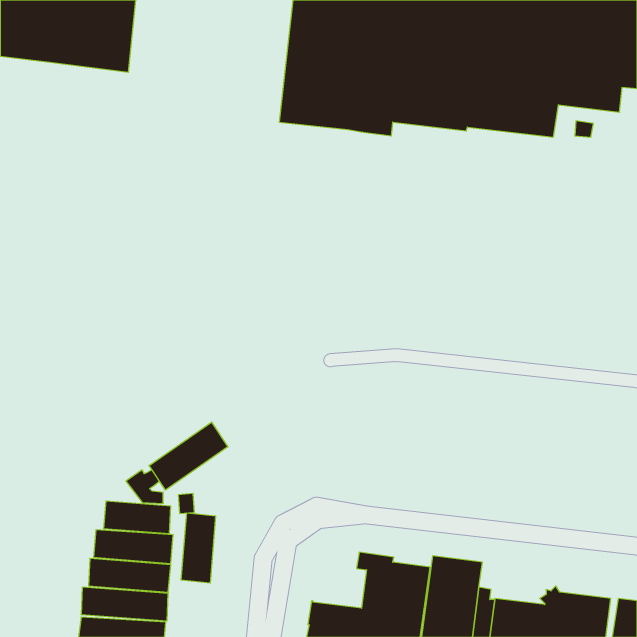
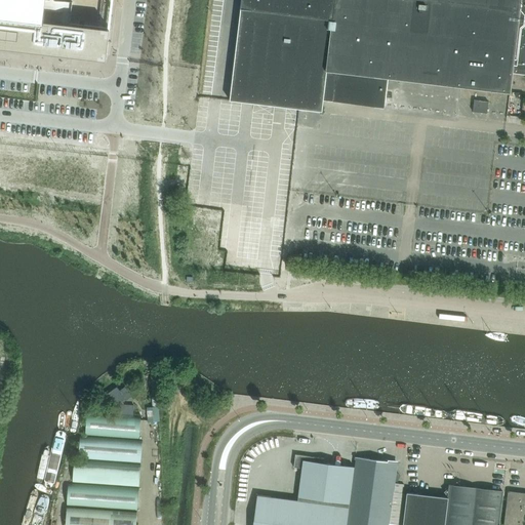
building: [149,422,228,490] -> none
building: [181,513,216,583] -> none

